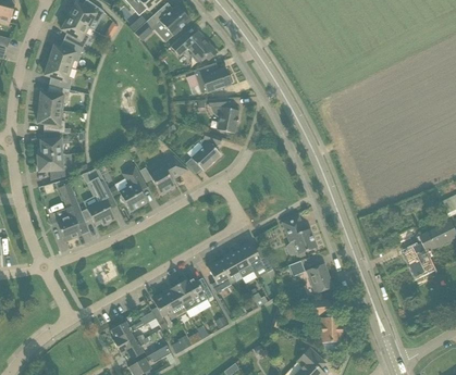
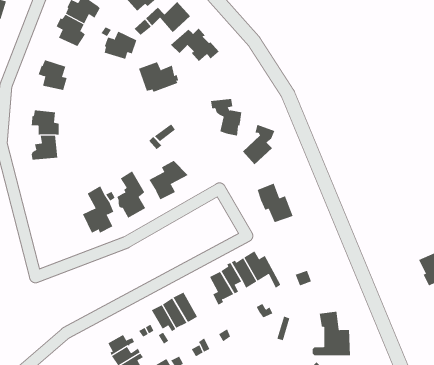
building: [50,40,82,67] -> [104,31,137,60]
building: [193,64,232,93] -> [138,62,179,92]
building: [39,86,69,111] -> none
building: [190,132,222,171] -> [242,124,275,165]
building: [37,153,72,180] -> none
building: [56,183,85,241] -> none
building: [282,216,317,254] -> [257,183,293,223]
building: [307,264,332,293] -> none
building: [183,278,212,305] -> none

